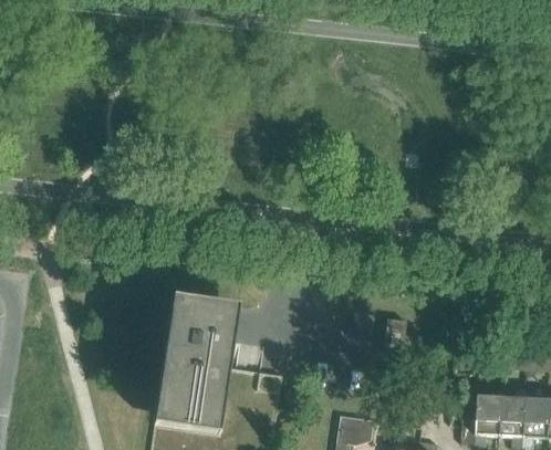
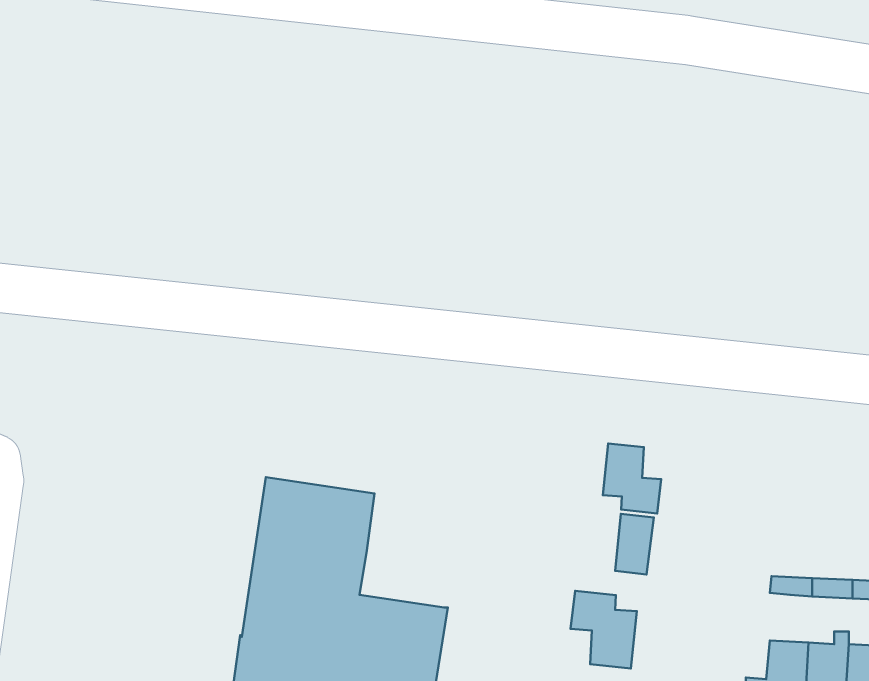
building: none -> [603,443,661,514]
building: none -> [571,591,637,669]

